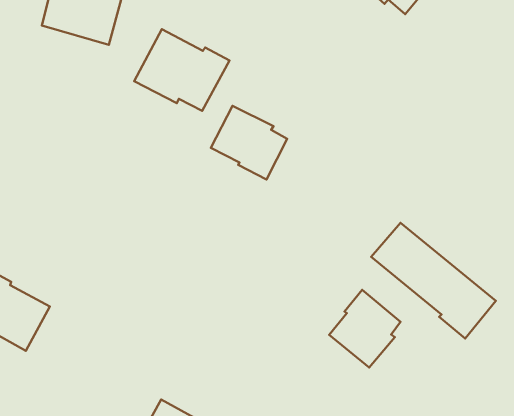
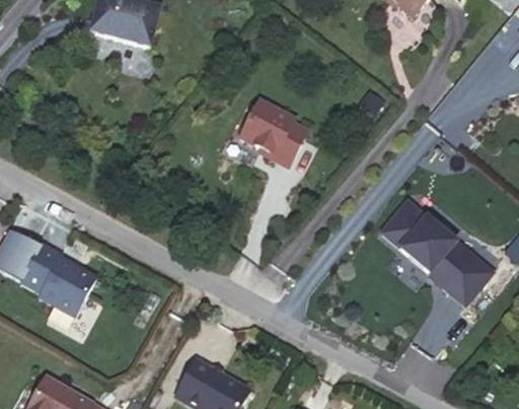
building: [134,29,229,111] -> none
building: [329,290,400,368] -> none

